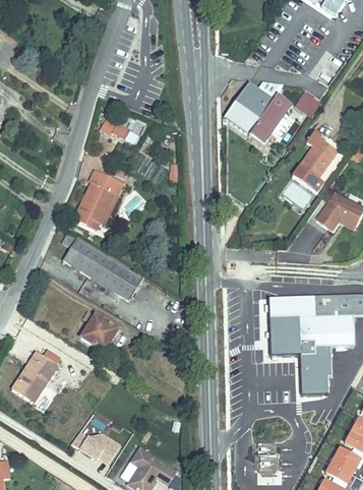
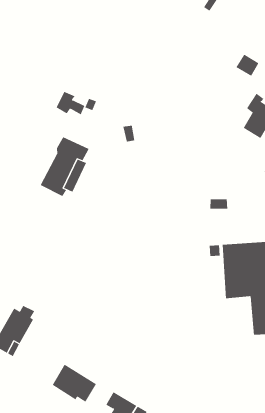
building: [224,83,289,143] -> none
building: [60,237,153,312] -> none
building: [82,316,119,354] -> none

